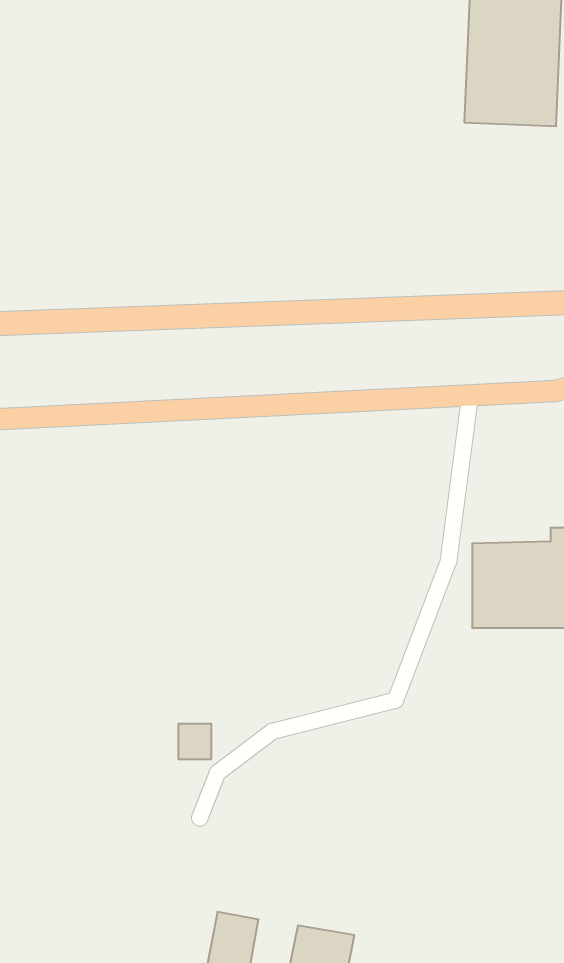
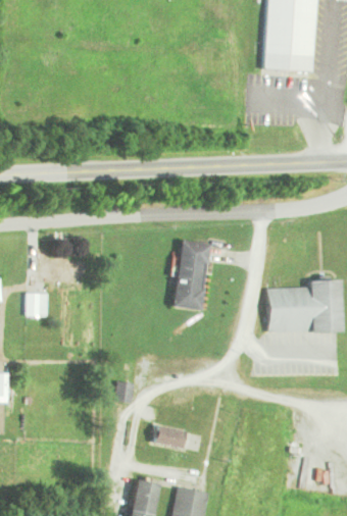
building: none -> [172,241,210,311]
building: none -> [32,294,48,316]
building: none -> [154,426,185,448]

